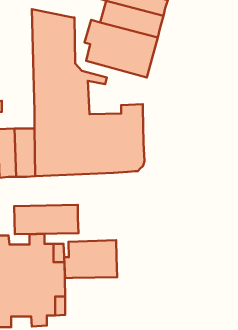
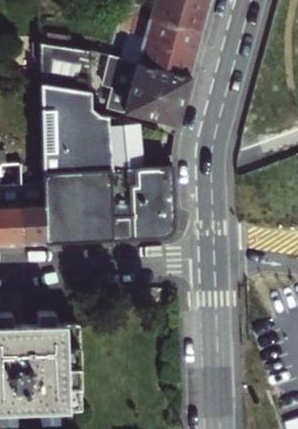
building: none -> [106,125,146,169]
building: [14,205,78,234] -> none
building: [64,240,117,278] -> none

